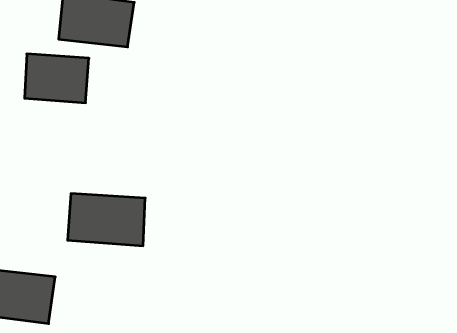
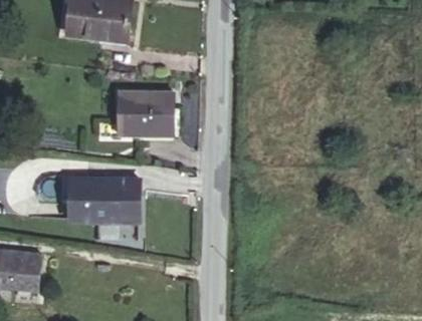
building: [25,54,89,103] -> [115,97,173,141]

